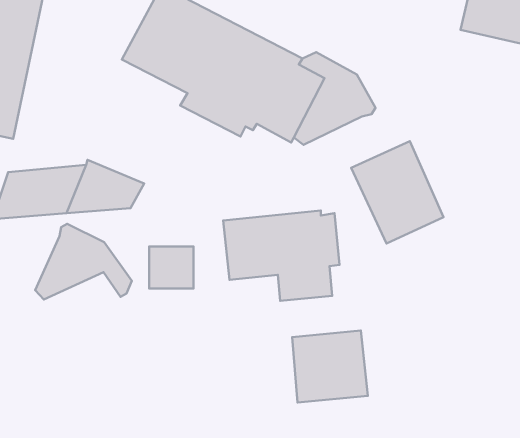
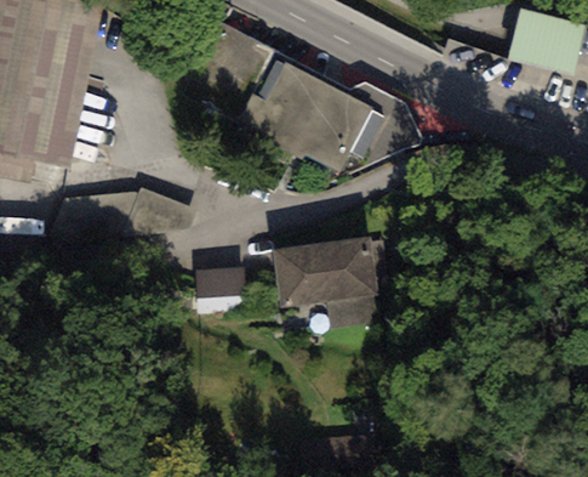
building: [351,141,444,244] -> none
building: [35,224,132,299] -> none
building: [292,330,368,402] -> none

